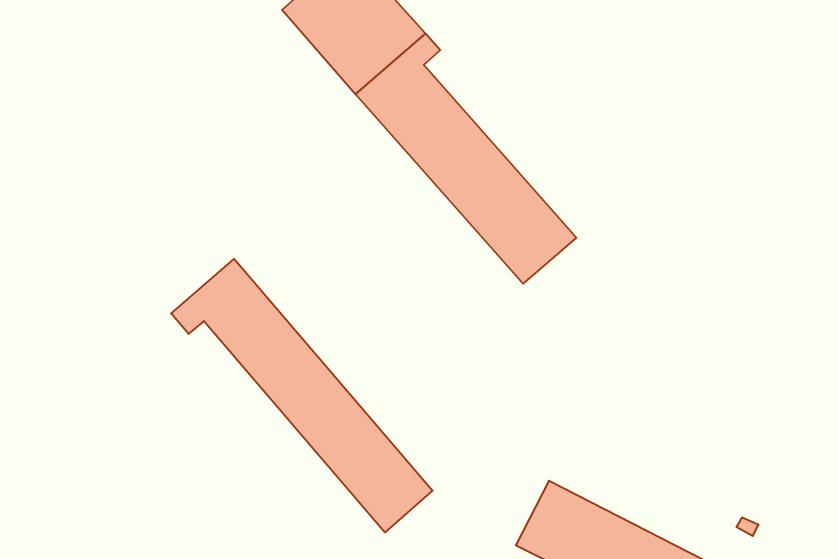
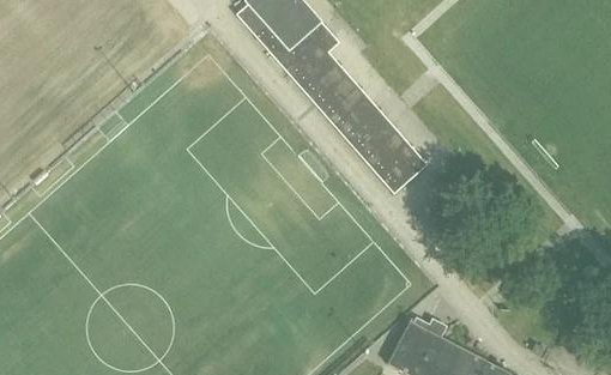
building: [171,259,433,532] -> none

